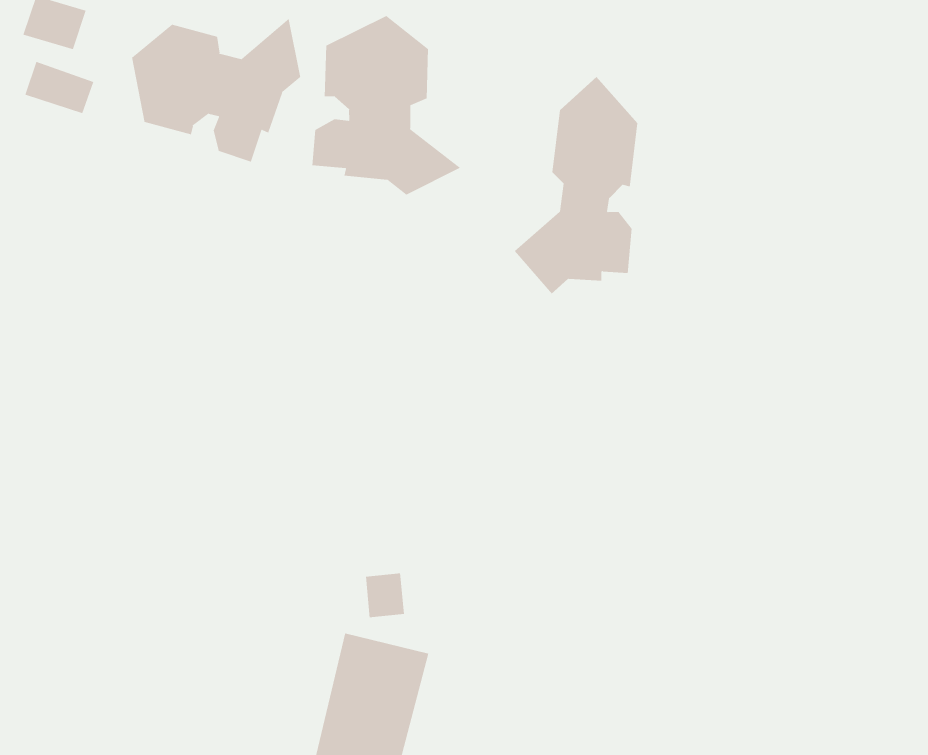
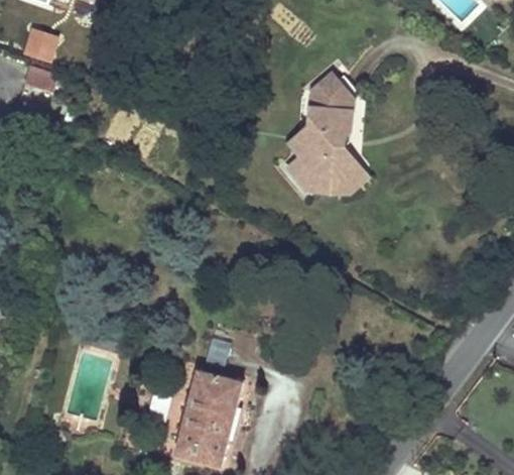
building: [312,15,461,195] -> none
building: [131,18,301,162] -> none

